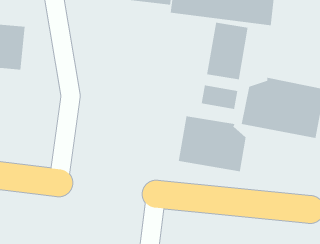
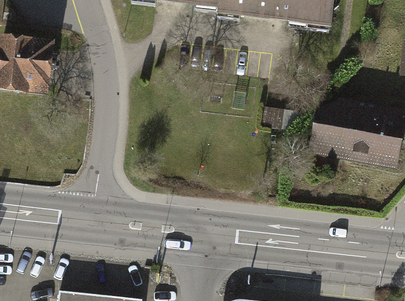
building: [206,22,248,80] -> none
building: [178,115,246,172] -> none

